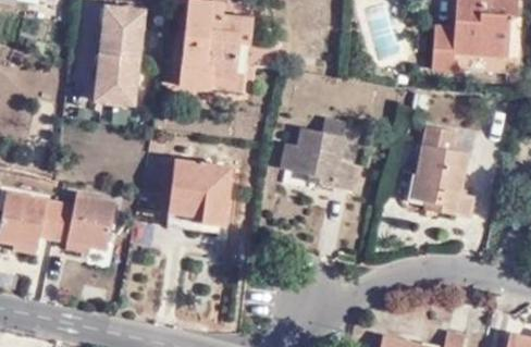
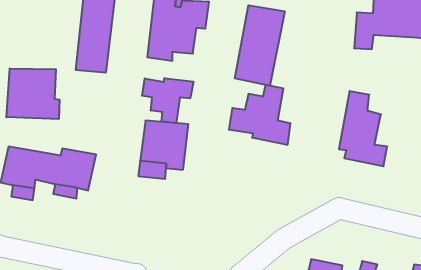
building: none -> [235,5,285,86]
building: none -> [6,68,60,119]
building: none -> [142,78,193,123]

